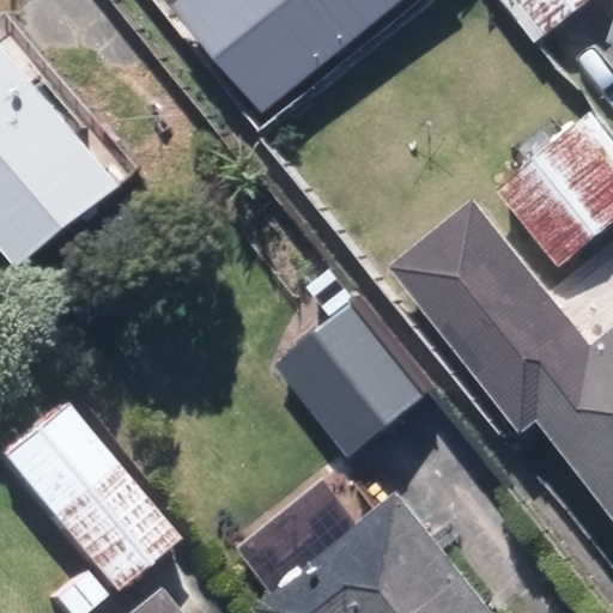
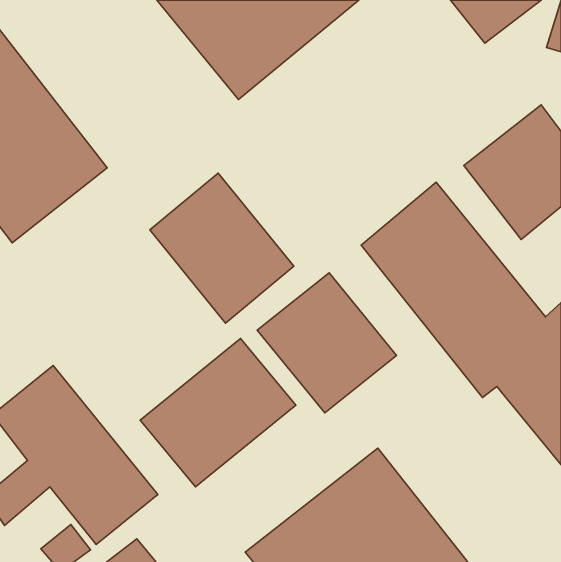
building: none -> [150,173,294,323]
building: none -> [140,338,296,487]

